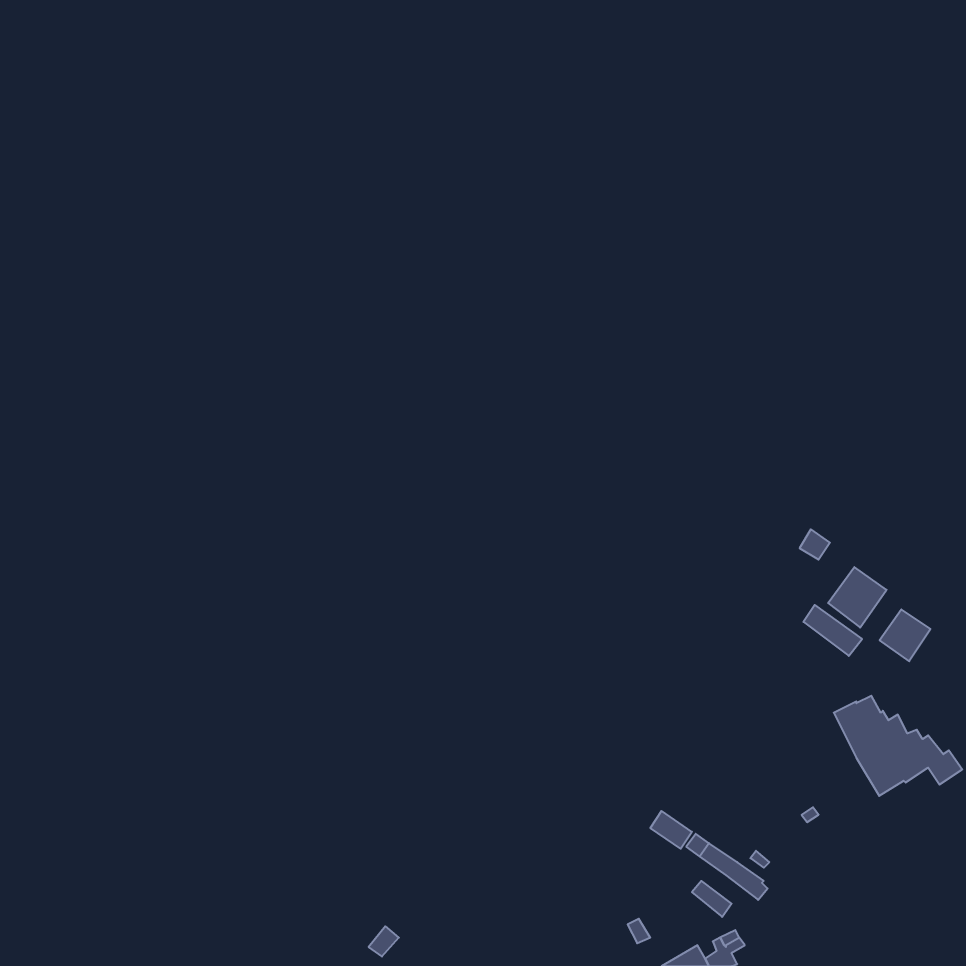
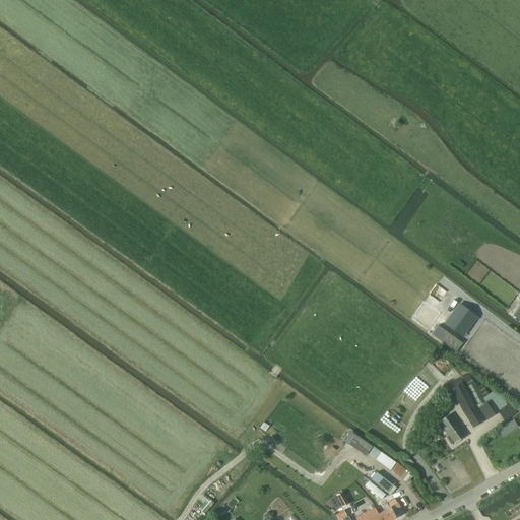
building: [880,609,930,661] -> none
building: none -> [440,414,465,446]

